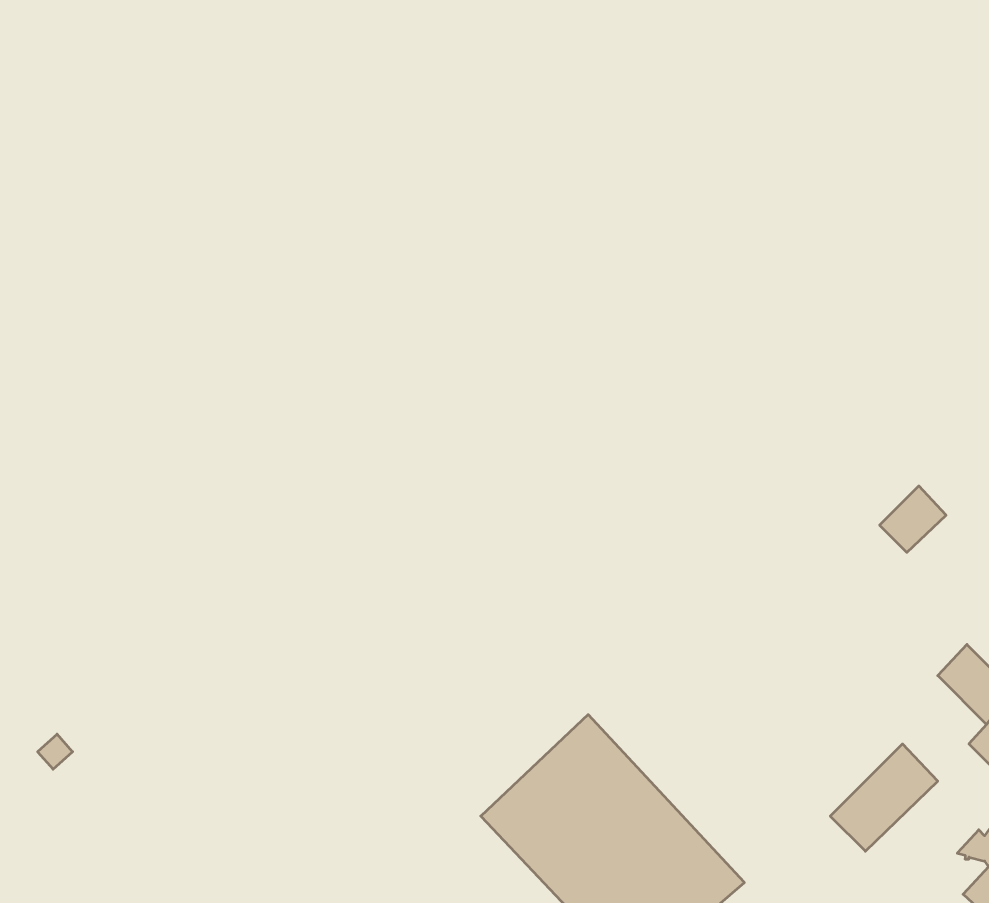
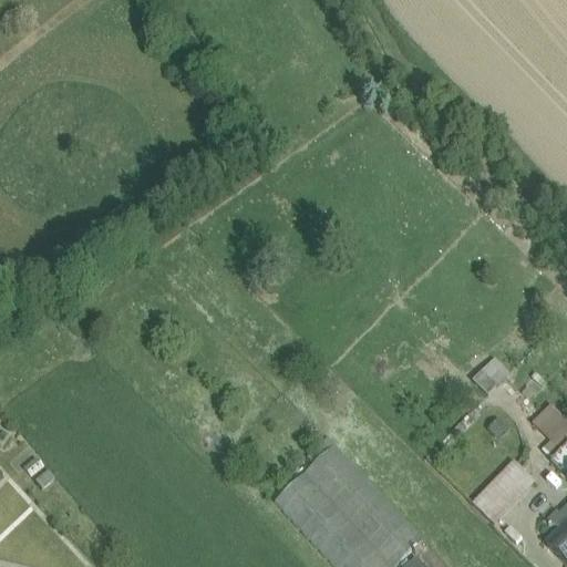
building: [880,486,946,552] -> [474,354,512,392]

